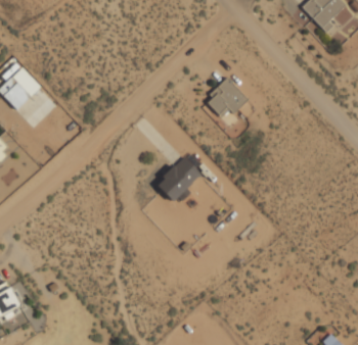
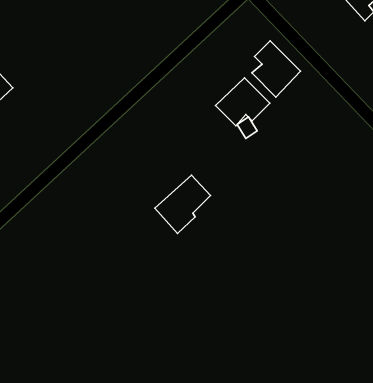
building: none -> [252,41,300,97]

